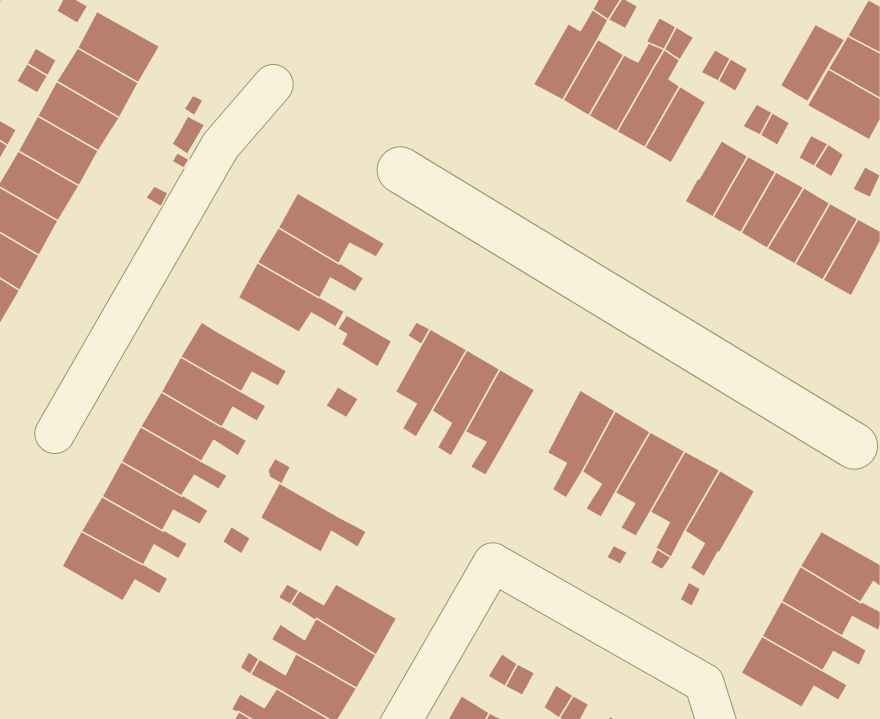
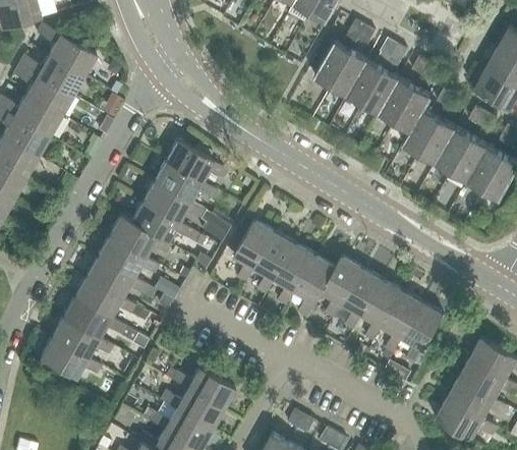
building: [780,24,845,101] -> [394,88,432,132]
building: none -> [294,256,335,318]
building: [260,483,367,553] -> [130,202,192,242]

